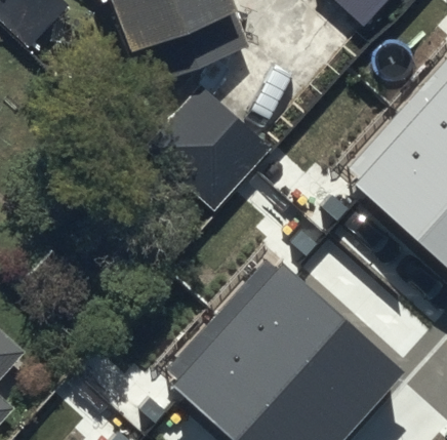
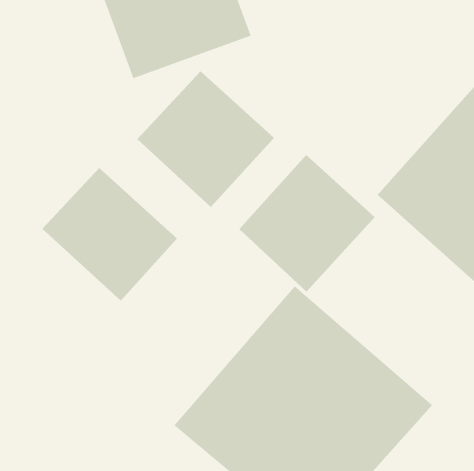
building: none -> [238,154,375,292]
building: none -> [42,167,178,301]

